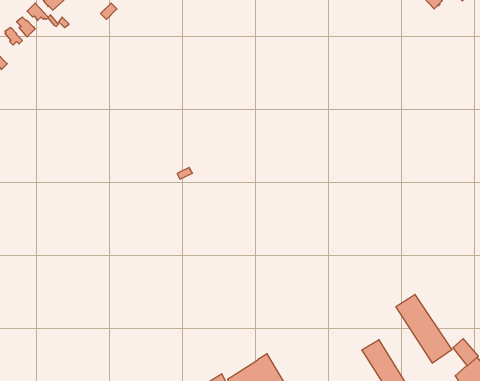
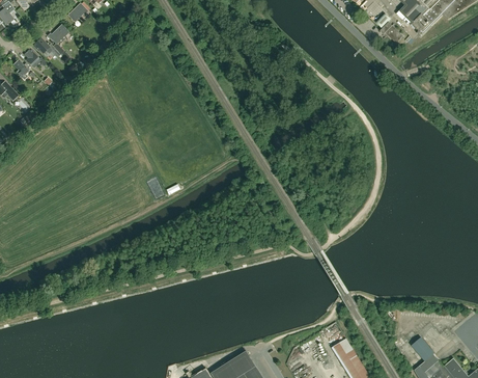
building: [396,294,452,363] -> none

